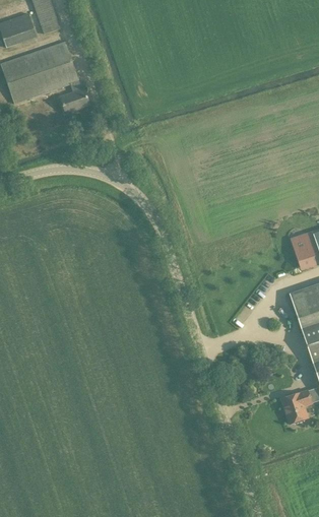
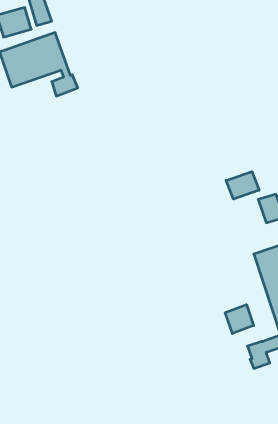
building: none -> [226,172,259,199]
building: none -> [225,305,254,334]

